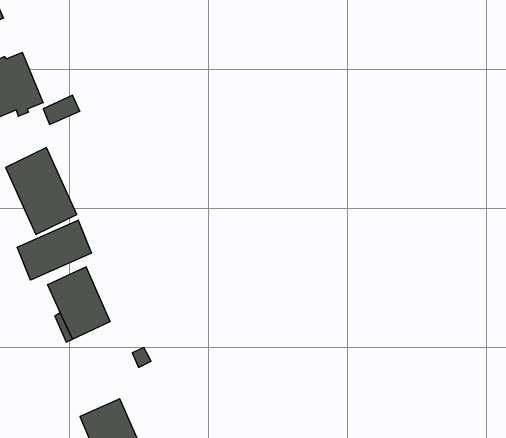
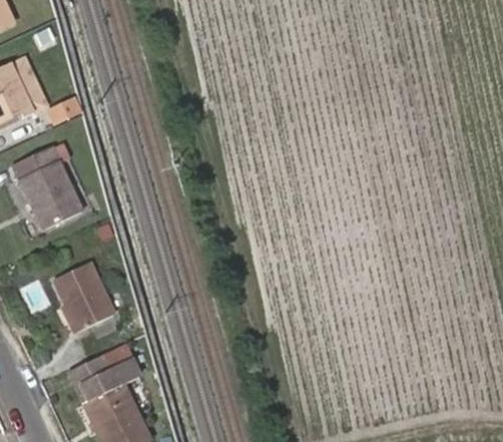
building: [17,220,92,280] -> none
building: none -> [69,344,137,404]

